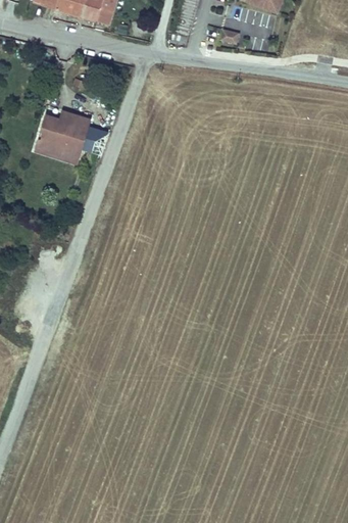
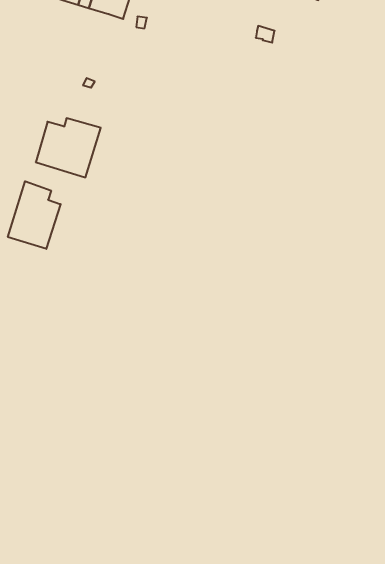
building: none -> [8,181,61,249]

